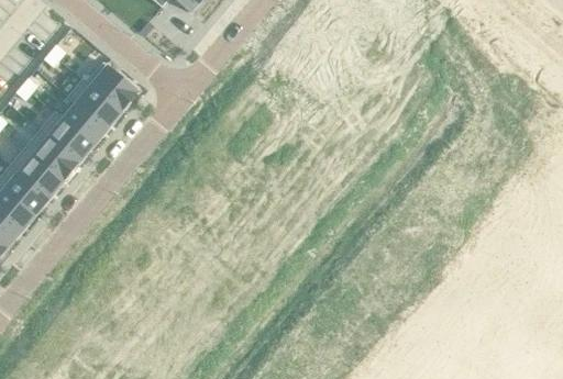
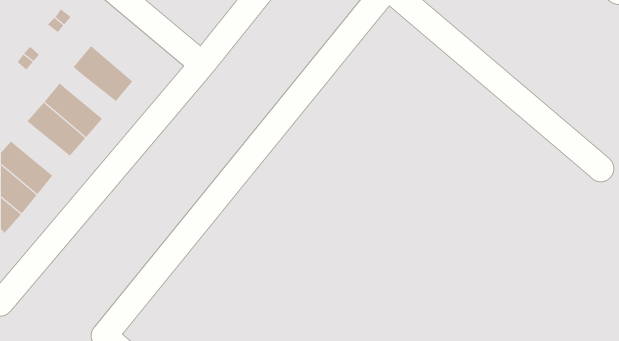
building: [86,63,137,111] -> none
building: [62,104,106,145] -> none
building: [10,147,64,197] -> none

